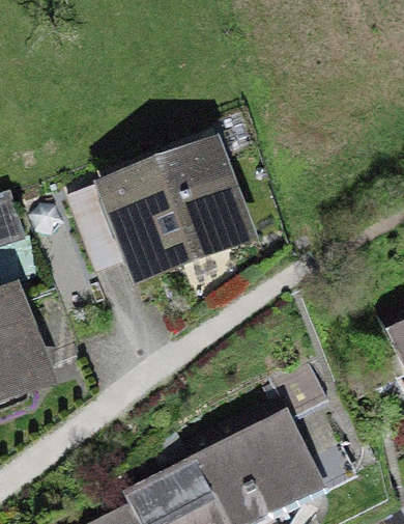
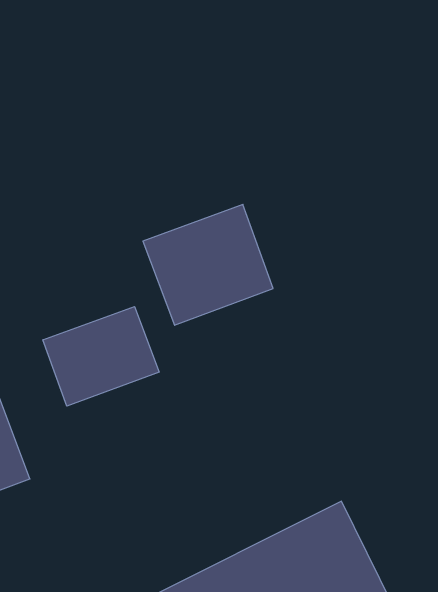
building: none -> [43,307,159,406]

